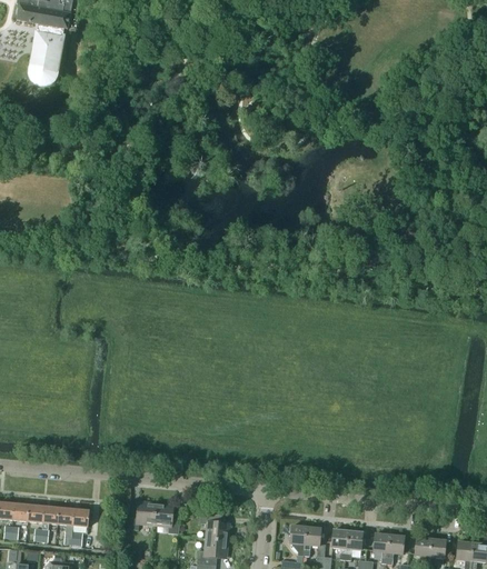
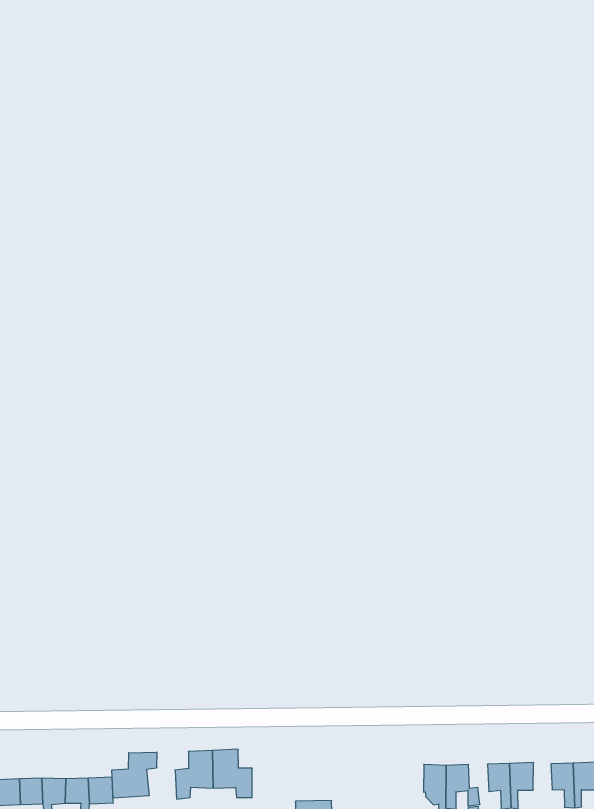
building: none -> [112,752,157,798]
building: [200,513,230,541] -> none

